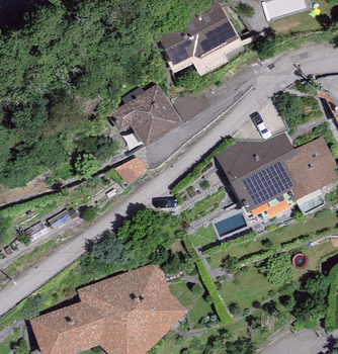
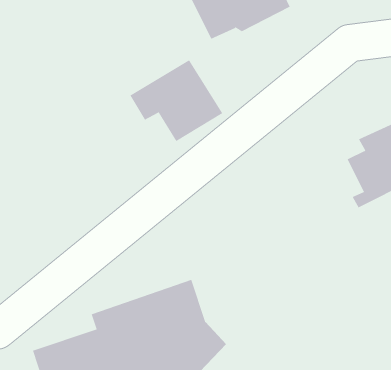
building: [215,132,299,215] -> none

